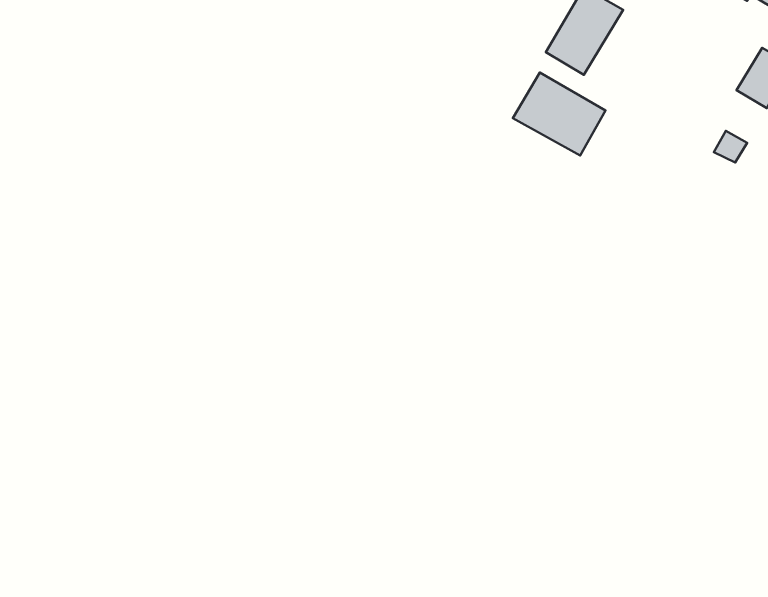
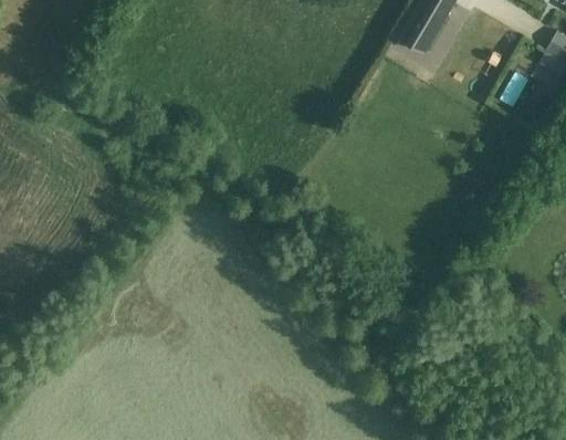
building: [513,72,606,155] -> none

